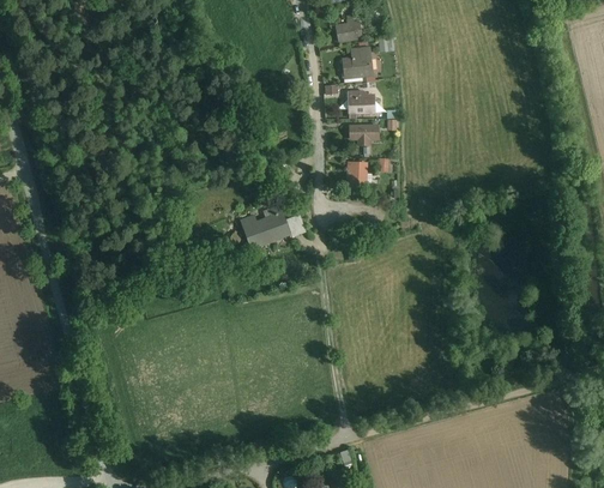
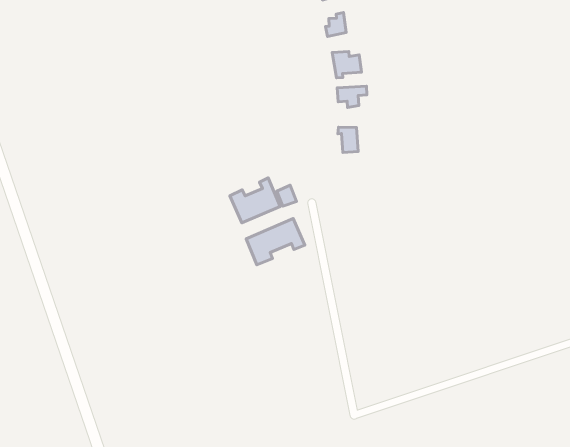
building: none -> [246,219,305,265]

